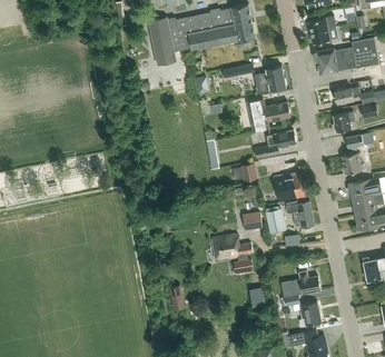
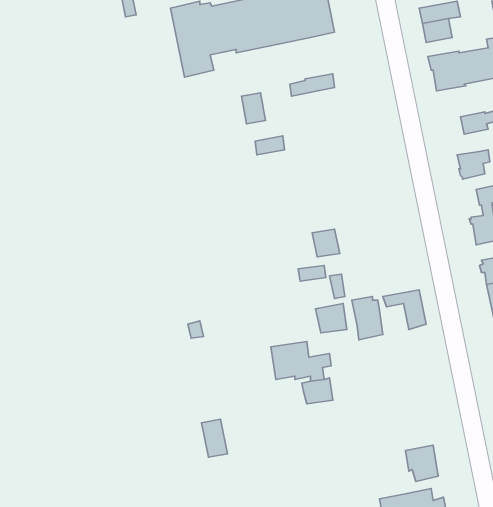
building: [254,66,285,92] -> none
building: [249,100,290,131] -> none
building: [255,130,296,159] -> none
building: [274,171,305,201] -> none
building: [284,271,319,306] -> none

